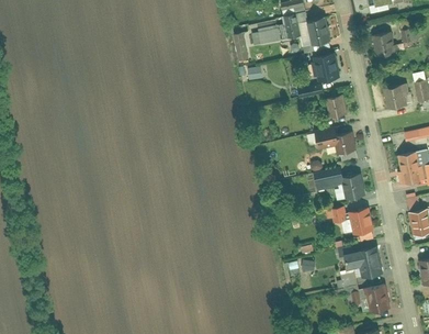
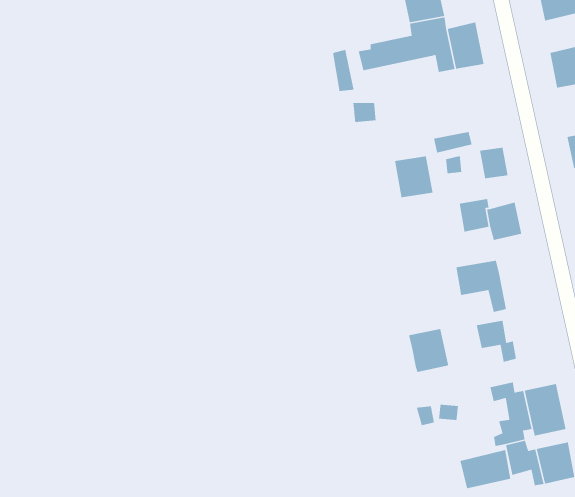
building: [314,54,339,81] -> [394,155,433,198]
building: [341,172,365,202] -> none
building: [348,207,374,235] -> [408,328,449,373]
building: none -> [460,449,511,489]

